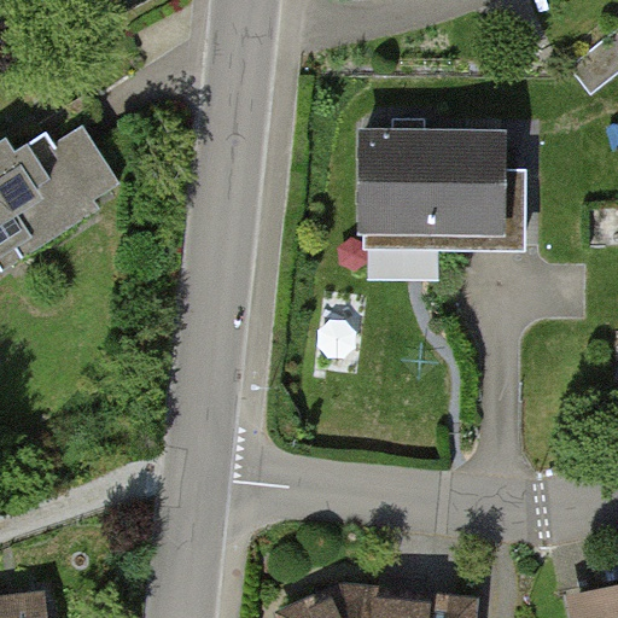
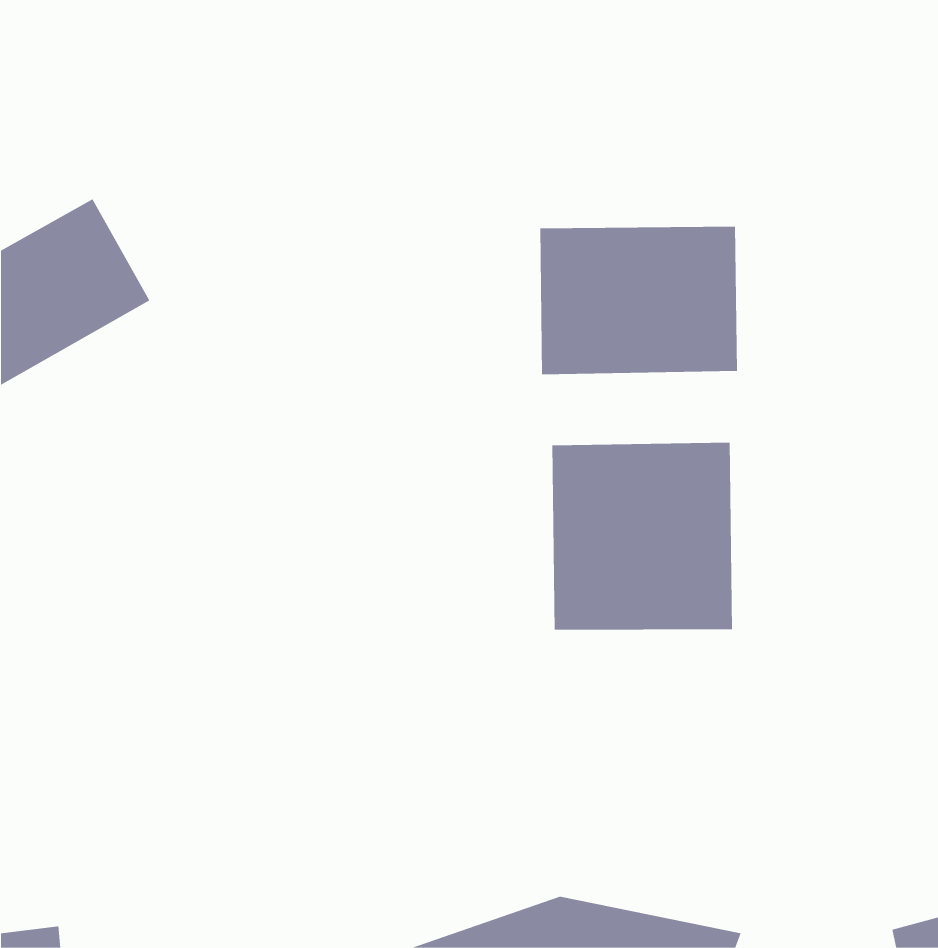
building: none -> [552,442,733,630]

